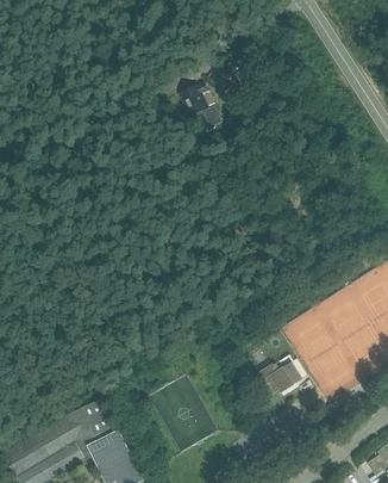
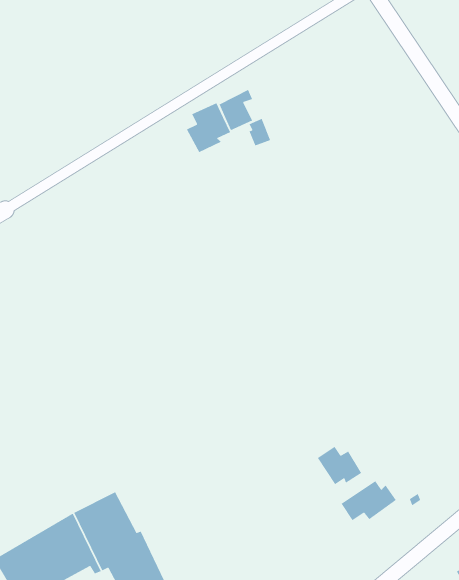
building: none -> [186,102,231,153]
building: none -> [340,480,397,521]

